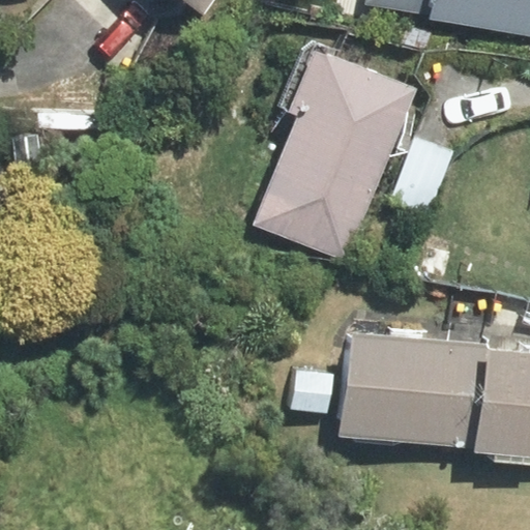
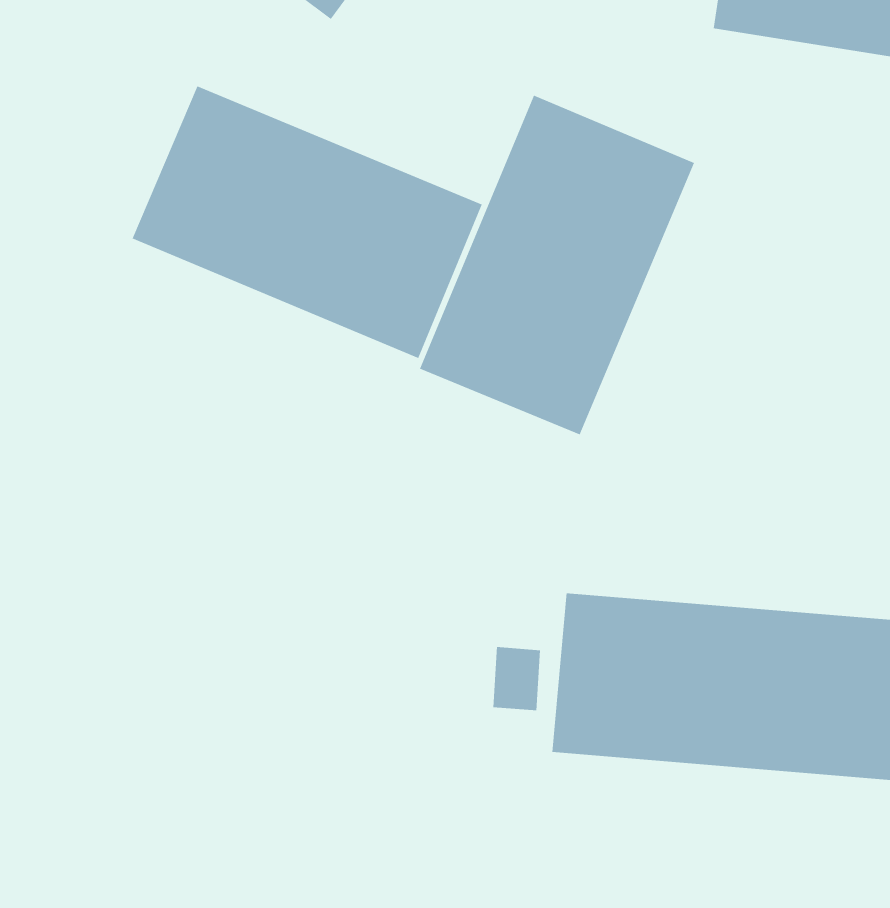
building: none -> [132,85,483,359]

